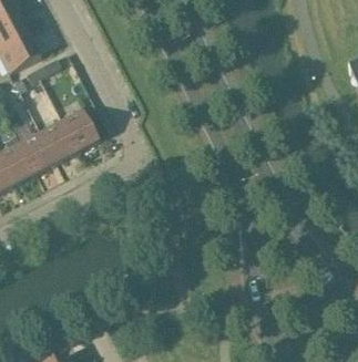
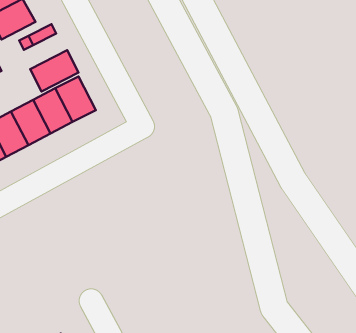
building: none -> [30,50,78,91]

